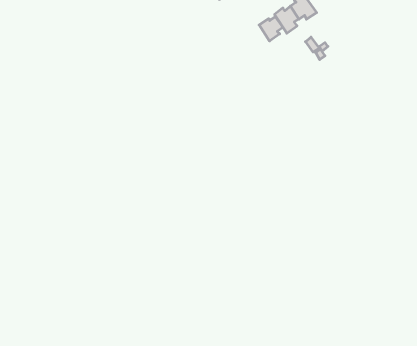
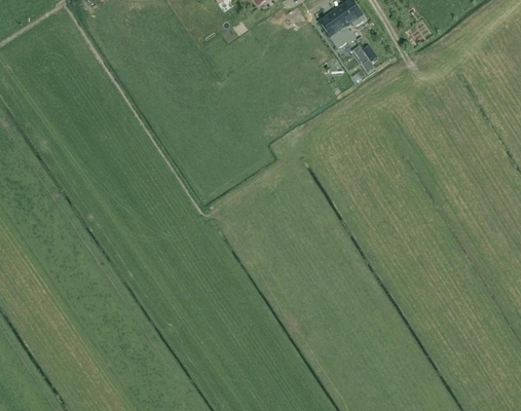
building: [259,17,283,41] -> none

